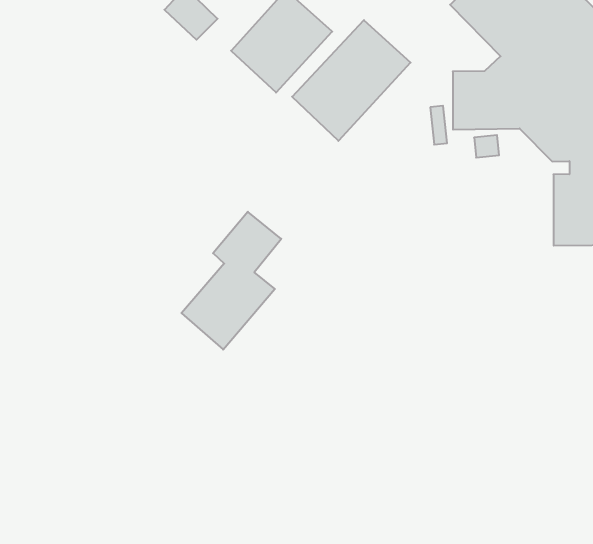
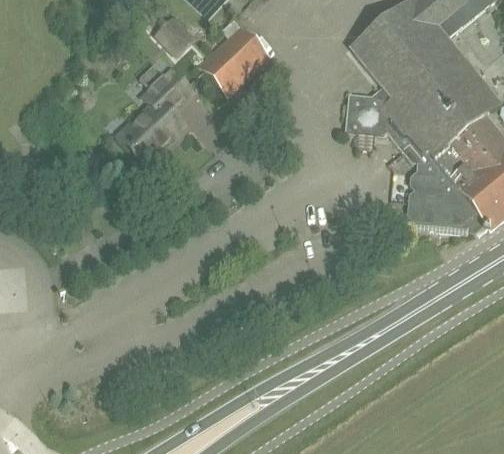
building: [292,20,411,141] -> none
building: [181,212,281,350] -> [118,70,192,163]

